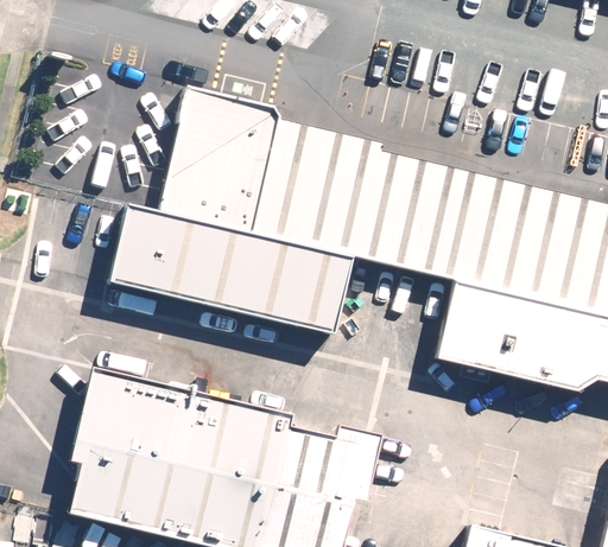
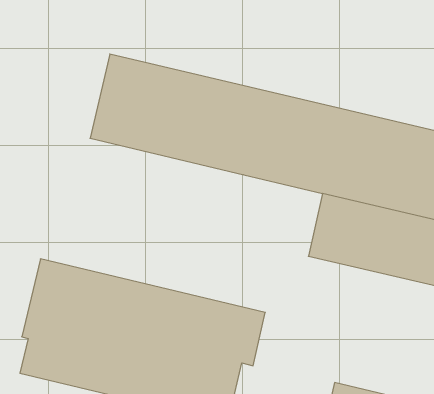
building: [108,204,355,337] -> none

